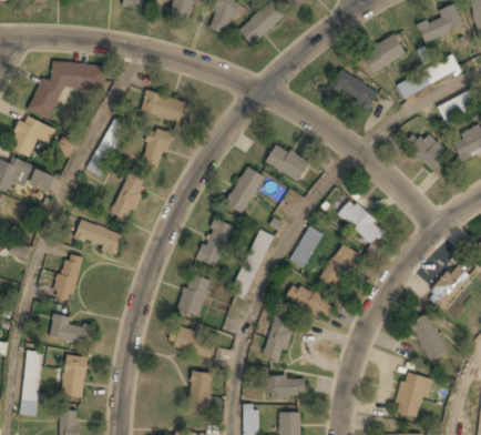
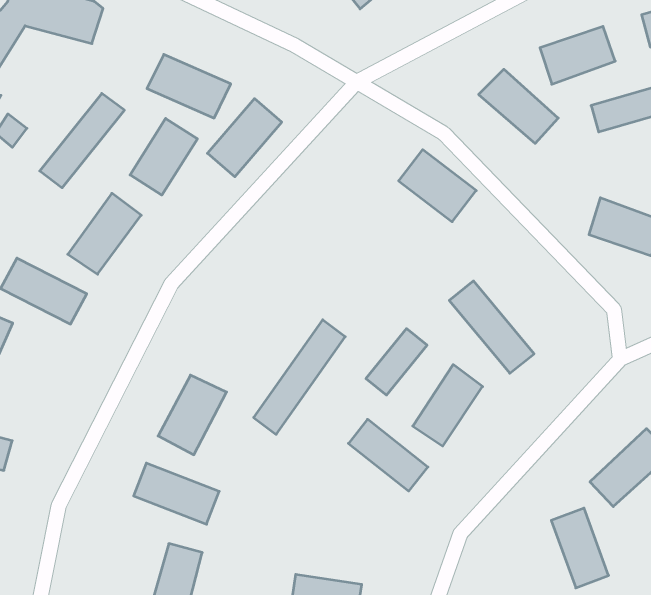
building: [265,143,310,182] -> [399,150,476,222]
building: [225,166,265,213] -> [207,99,282,177]
building: [196,216,233,266] -> none
building: [259,314,297,362] -> none

